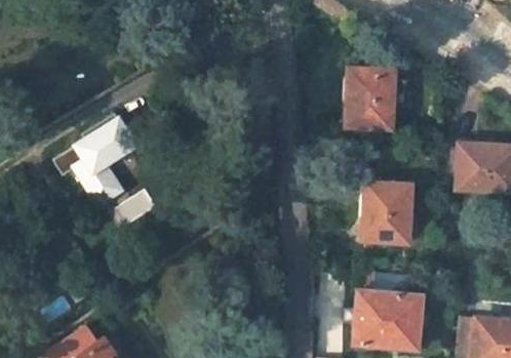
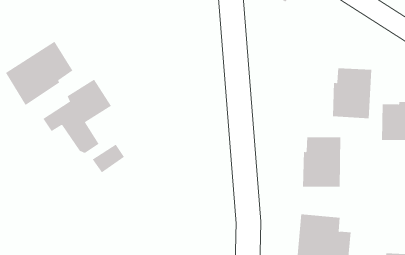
building: [346,67,393,127] -> [332,68,372,119]
building: none -> [5,41,73,106]

